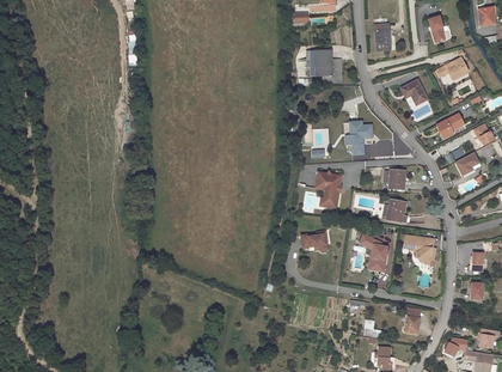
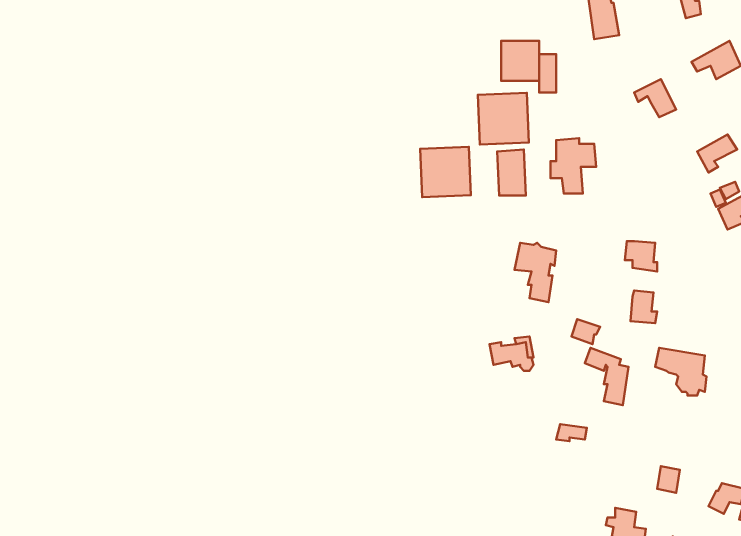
building: none -> [478,93,529,144]
building: none -> [420,147,471,197]

